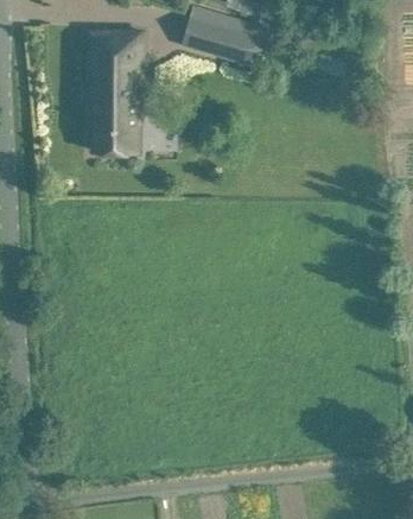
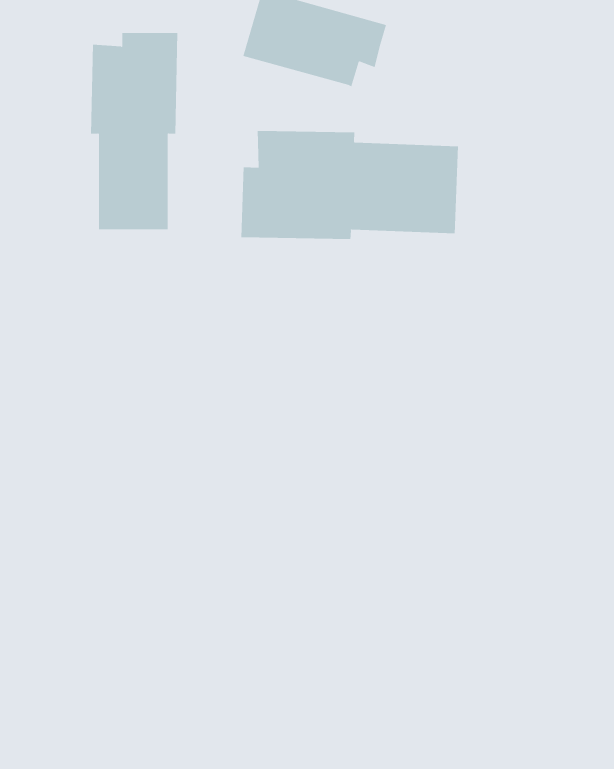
building: none -> [241,130,458,240]

